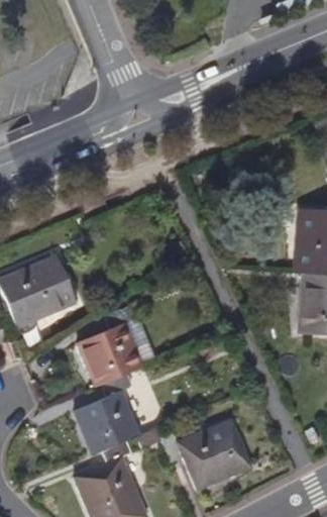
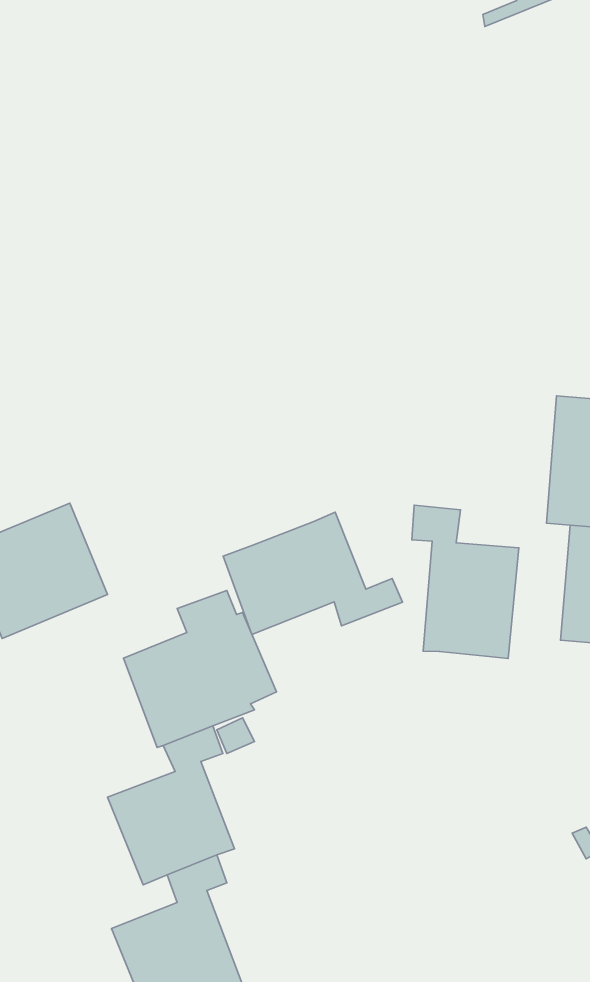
building: none -> [412,505,519,659]
building: none -> [223,512,403,634]
building: [159,417,253,488] -> none

